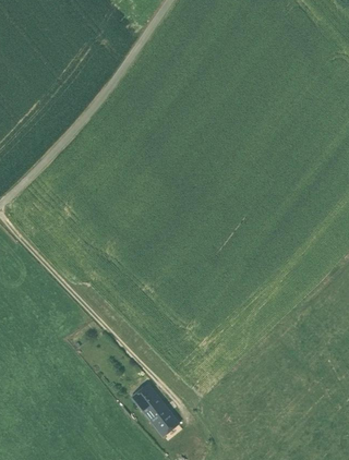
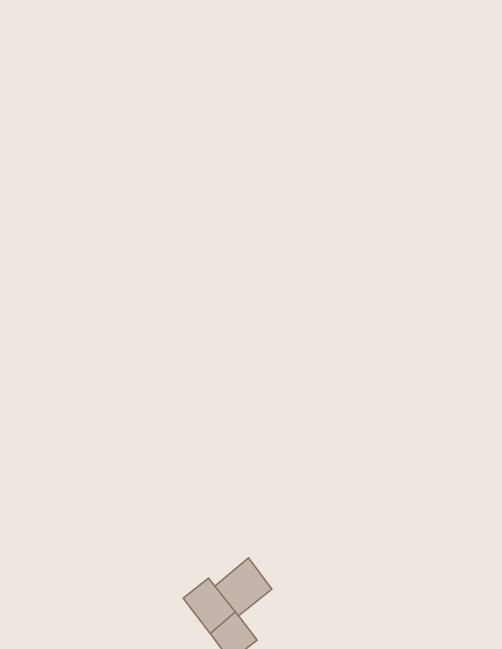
building: none -> [215,558,272,616]

